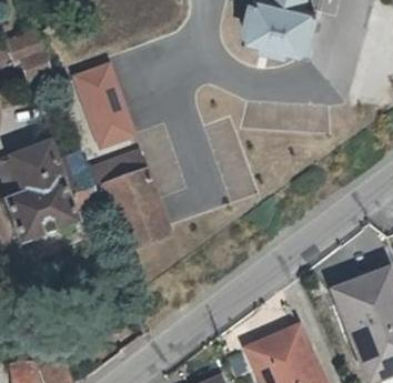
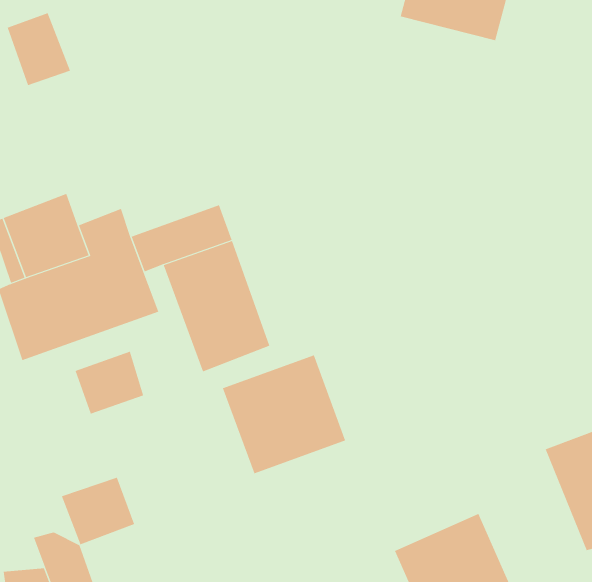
building: [72,59,139,145] -> none
building: none -> [75,351,144,414]
building: none -> [222,354,346,474]
building: none -> [61,477,135,545]

